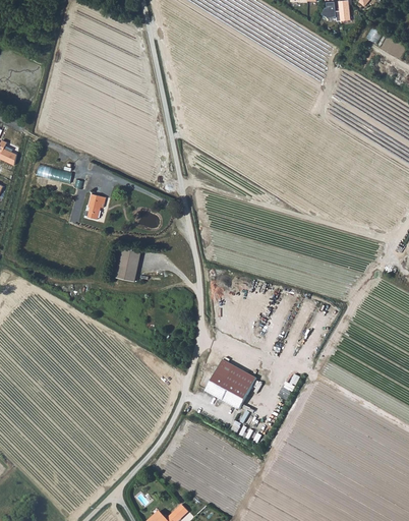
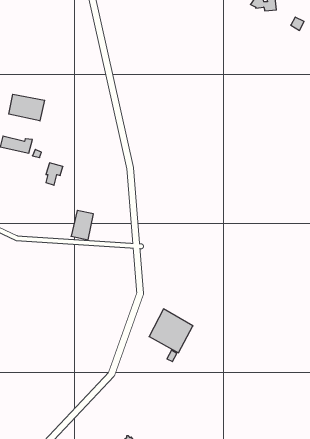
building: none -> [9,94,45,121]

